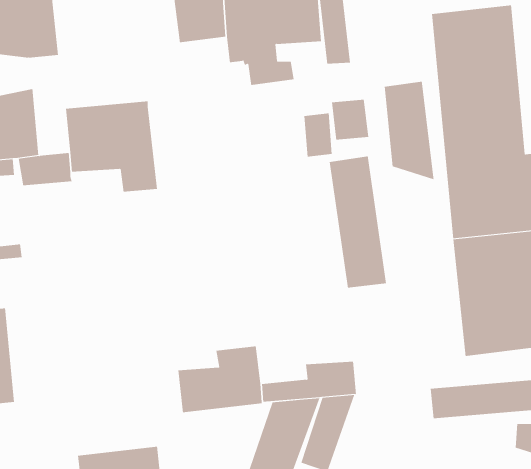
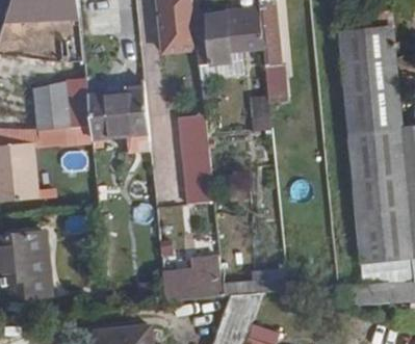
building: [384,81,434,180] -> none
building: [329,156,387,288] -> [174,113,213,204]

